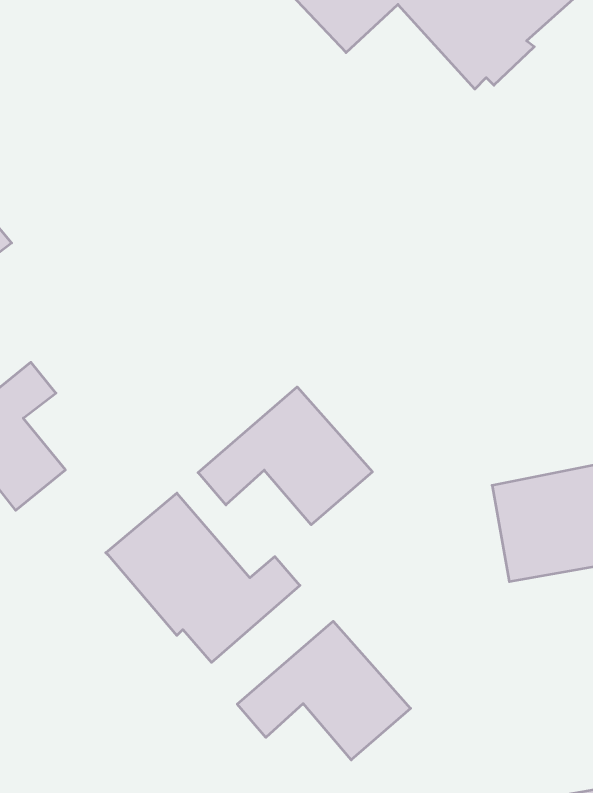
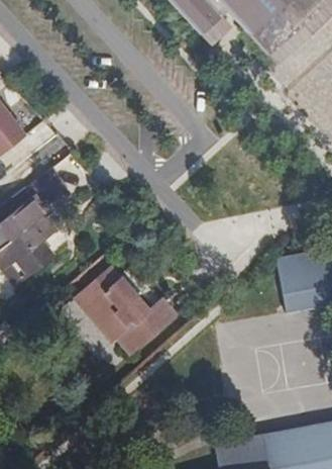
building: [198,387,372,525] -> none
building: [237,621,411,760] -> none

